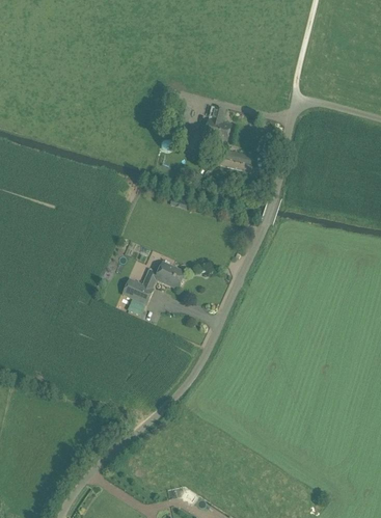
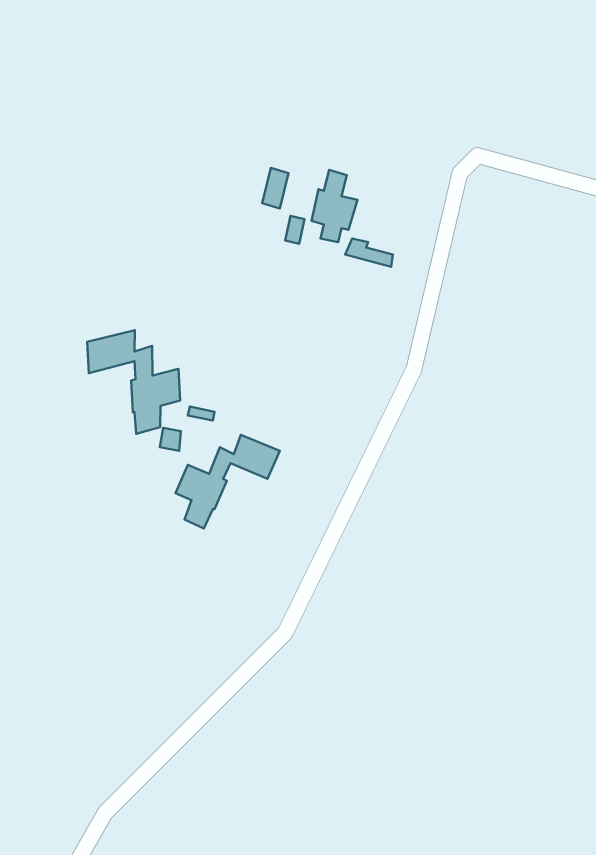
building: none -> [87,330,180,434]

